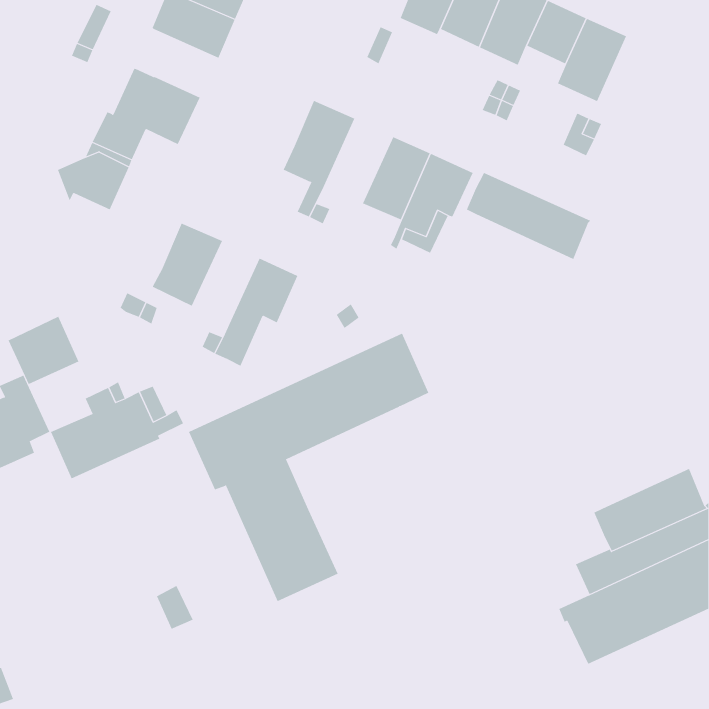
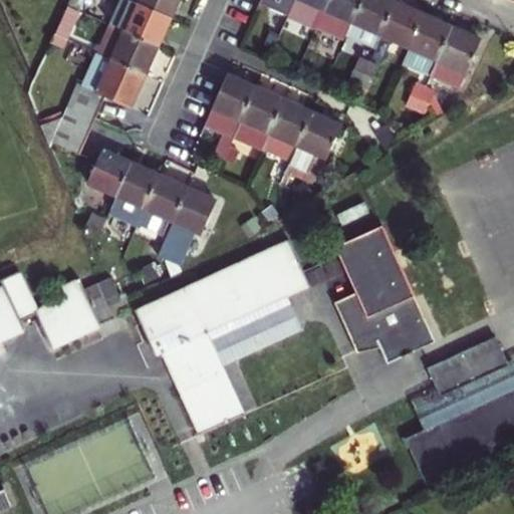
building: none -> [97,21,158,71]
building: none -> [431,26,480,86]
building: none -> [234,85,283,147]
building: [466,172,591,260] -> none
building: none -> [87,148,131,194]
building: none -> [139,174,187,234]
building: none -> [335,226,436,364]
building: [8,316,79,385] -> none
building: none -> [207,293,304,367]

